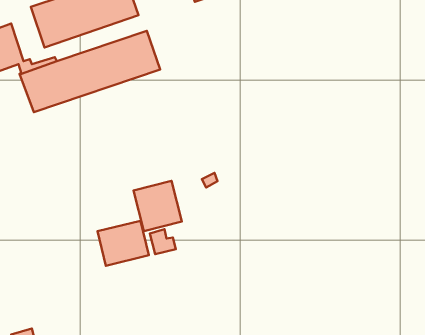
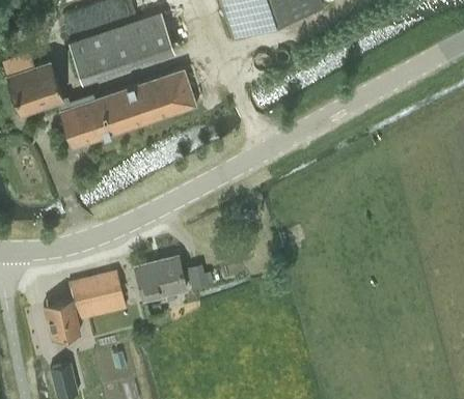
building: [134,181,182,231] -> none
building: none -> [43,273,126,340]

